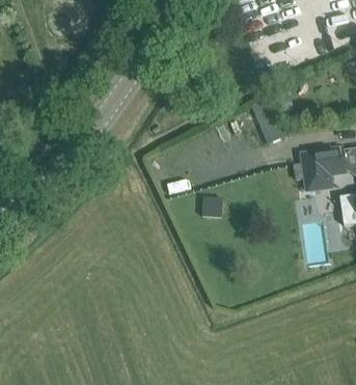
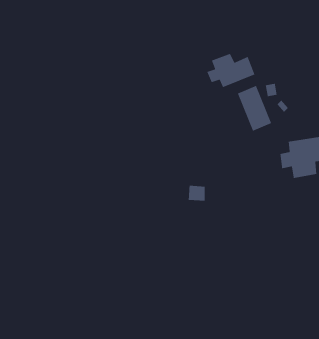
building: none -> [206,53,255,88]

